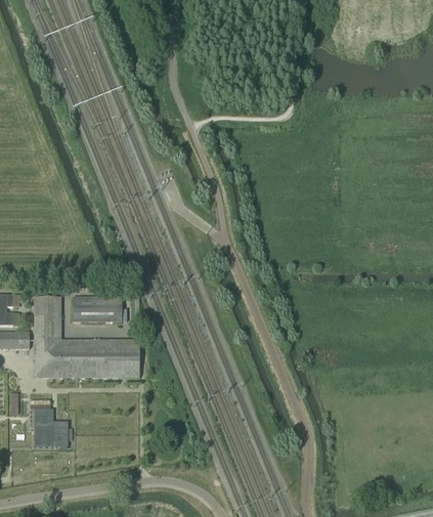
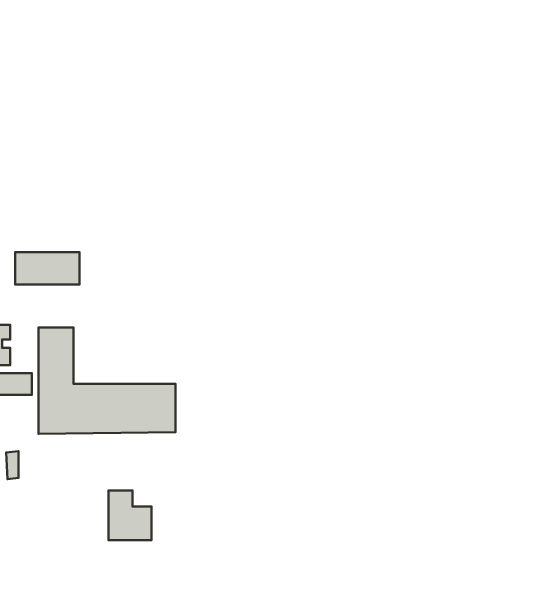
building: [73,296,122,320] -> [15,252,80,284]
building: [35,407,68,445] -> [108,490,151,540]

